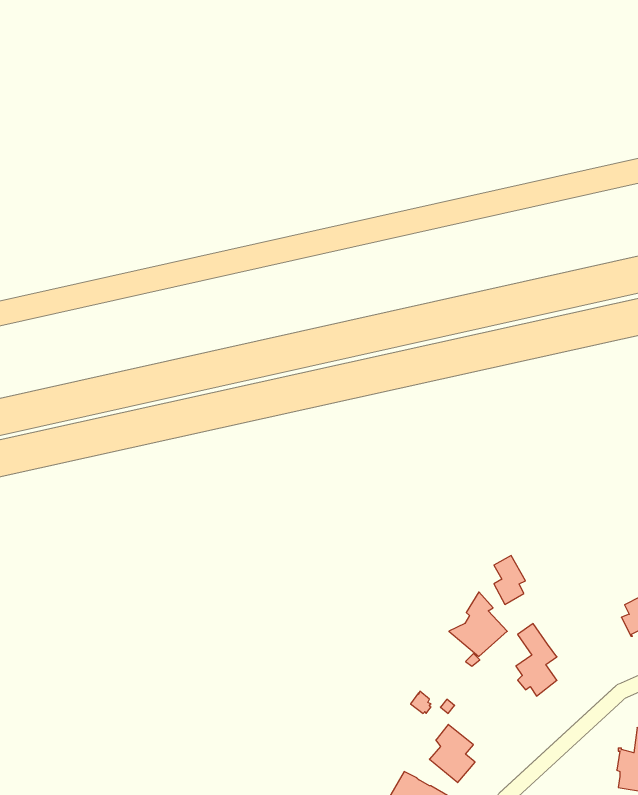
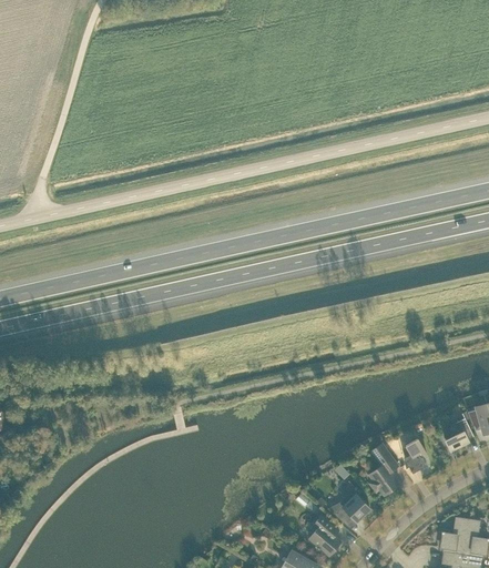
building: [494,556,525,604] -> [405,438,427,473]
building: [449,592,507,656] -> [328,481,369,527]

